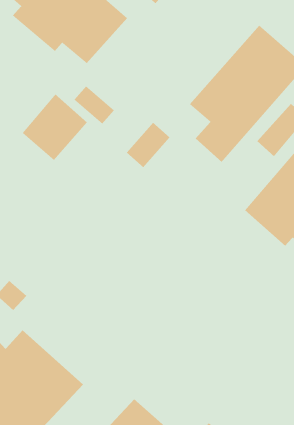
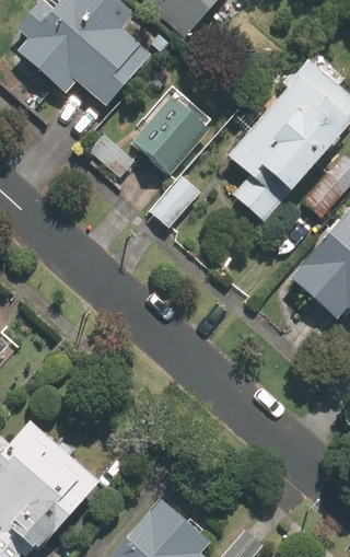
building: [22,94,88,161] -> [133,96,211,175]

